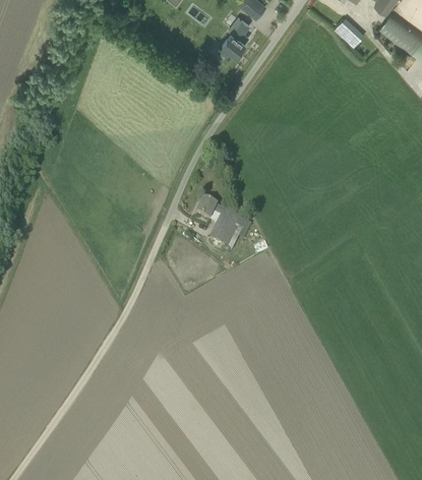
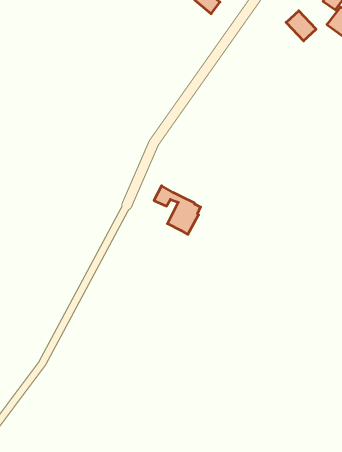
building: [220,16,250,55] -> none

